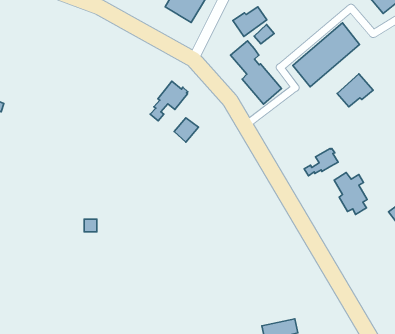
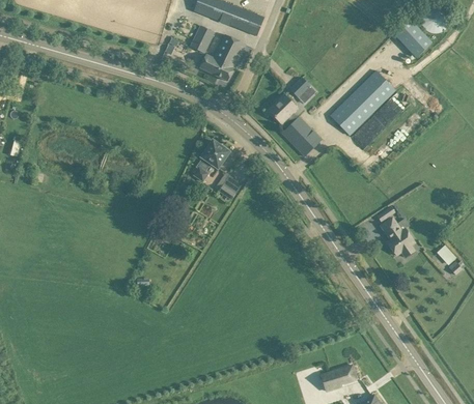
building: [233,7,267,37] -> none
building: [337,74,373,107] -> none
building: [304,148,338,176] -> none

